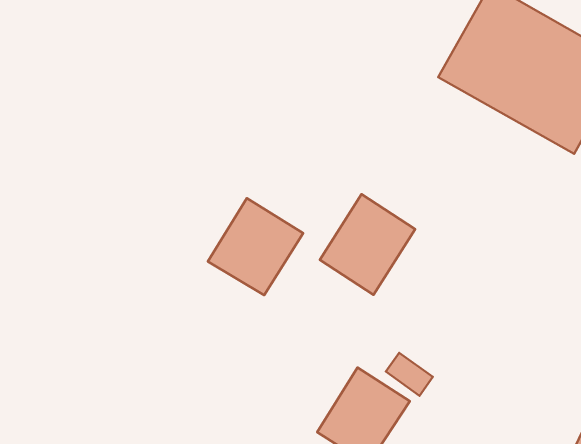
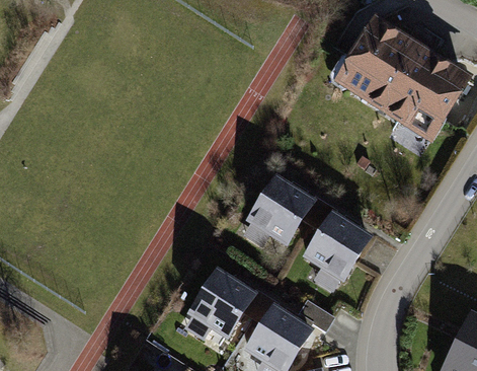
building: [208,198,303,295] -> [184,268,256,341]
building: none -> [299,208,374,286]

